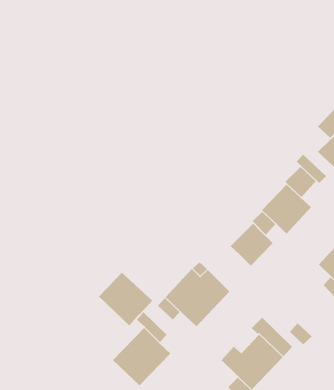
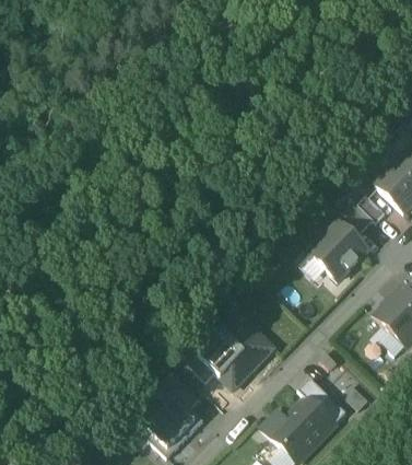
building: [230,223,273,266] -> none
building: [98,272,153,326] -> none

